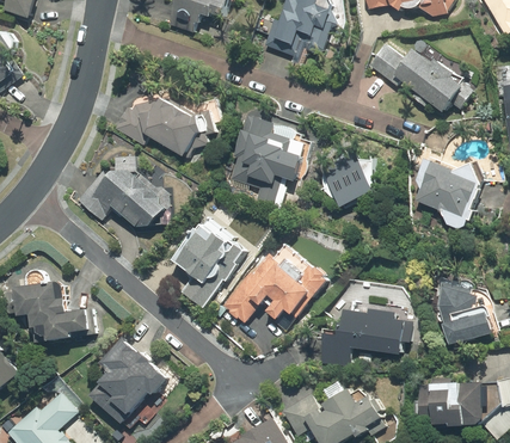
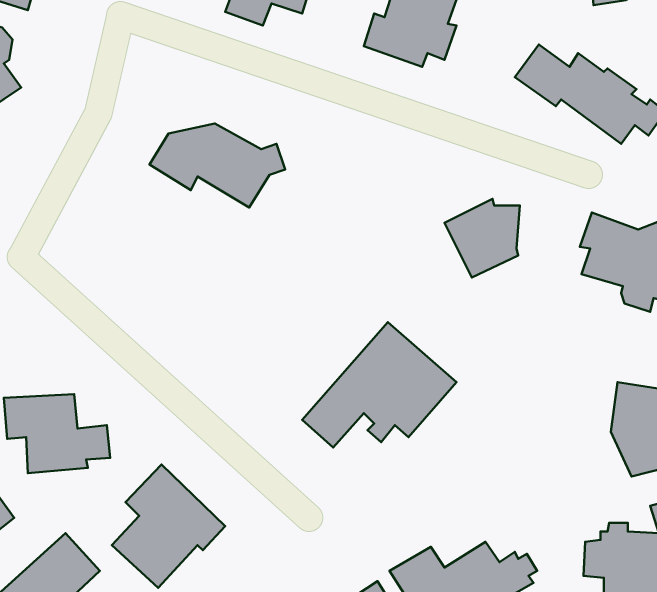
building: [231,116,300,205] -> none
building: [76,158,171,228] -> none
building: [171,217,247,308] -> none
building: [320,295,406,367] -> none

